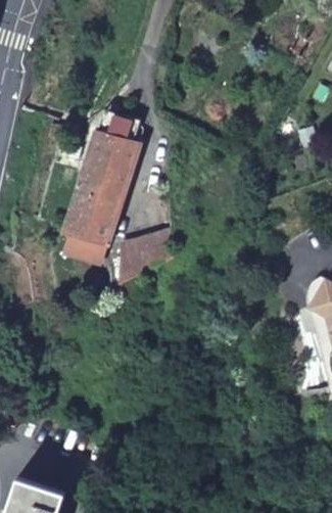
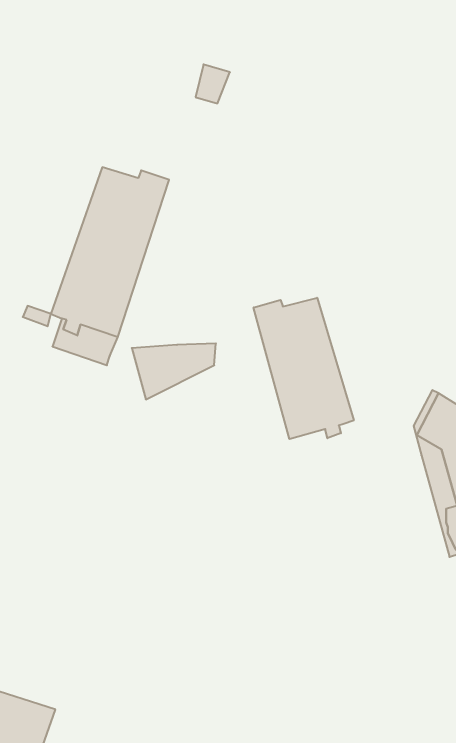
building: none -> [254,298,354,439]

